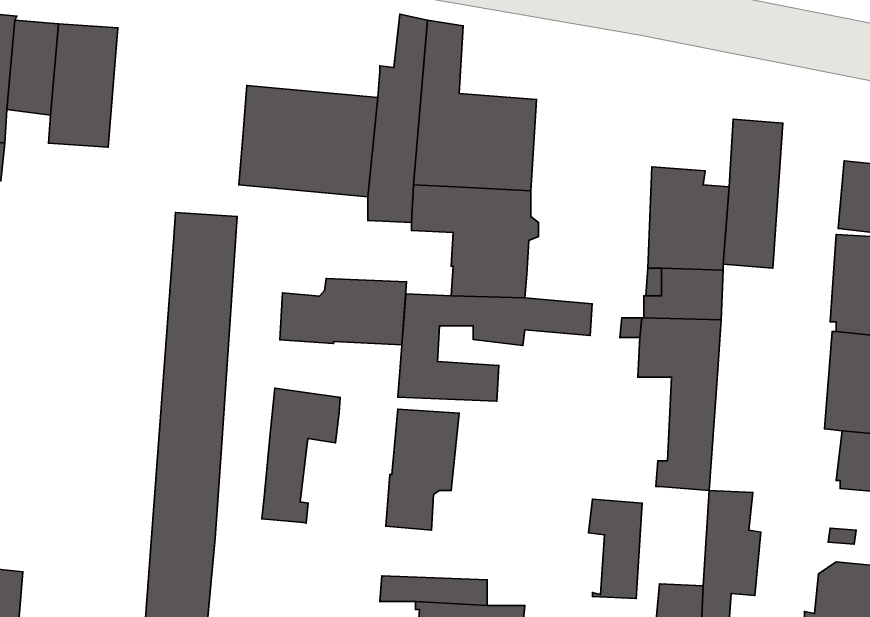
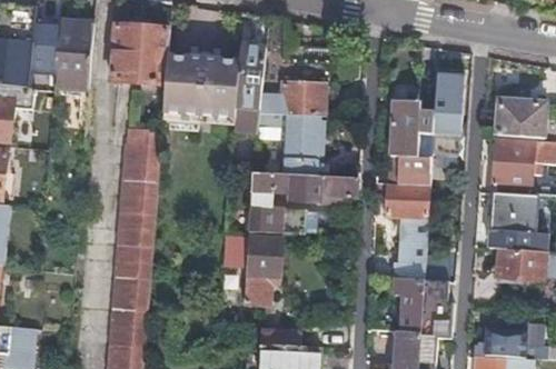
building: none -> [109,26,167,84]
building: [280,279,407,345] -> none
building: [262,388,340,523] -> none
building: [589,499,642,598] -> [394,280,424,336]

